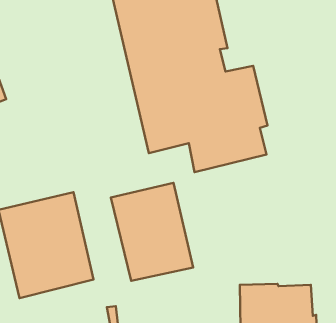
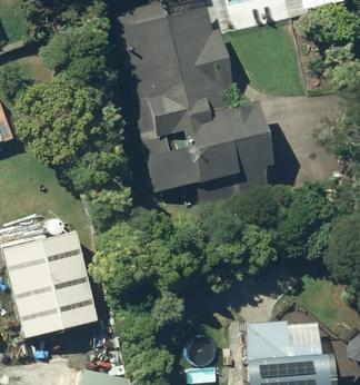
building: [111,183,193,281] -> none

